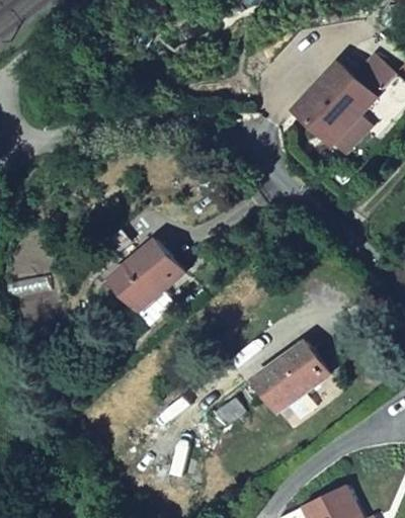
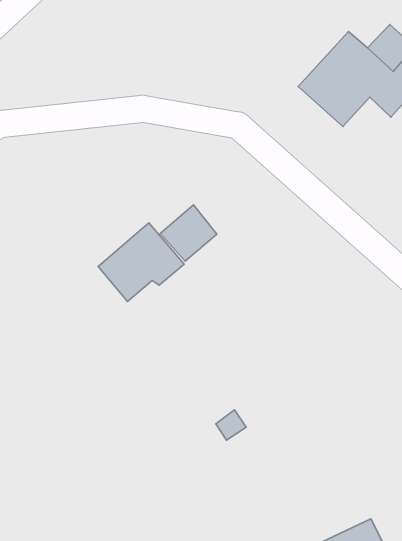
building: none -> [160,205,217,261]
building: [254,339,326,411] -> none

